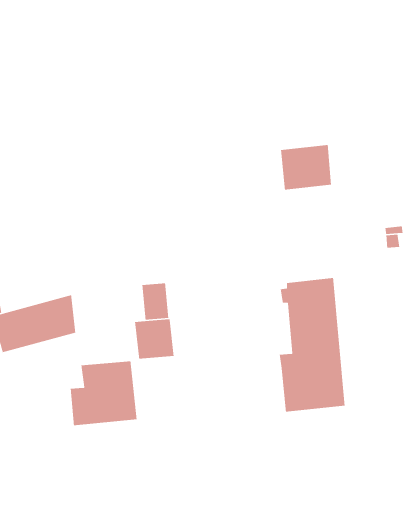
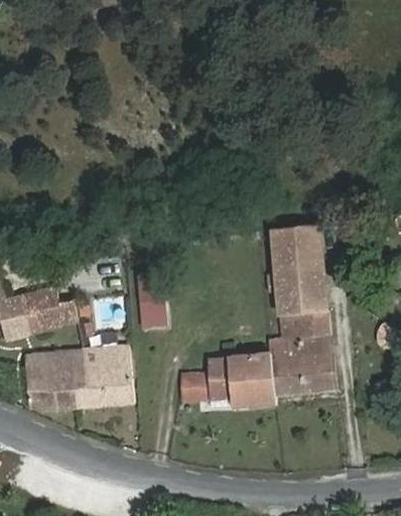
building: [280,144,332,191] -> [272,226,321,270]
building: none -> [24,349,83,408]
building: none -> [182,352,276,407]

